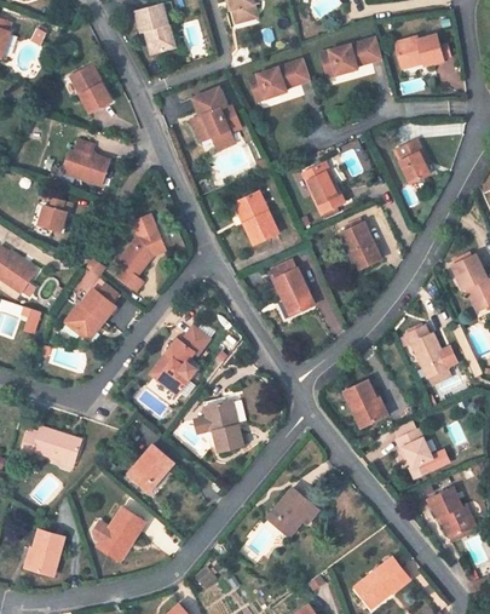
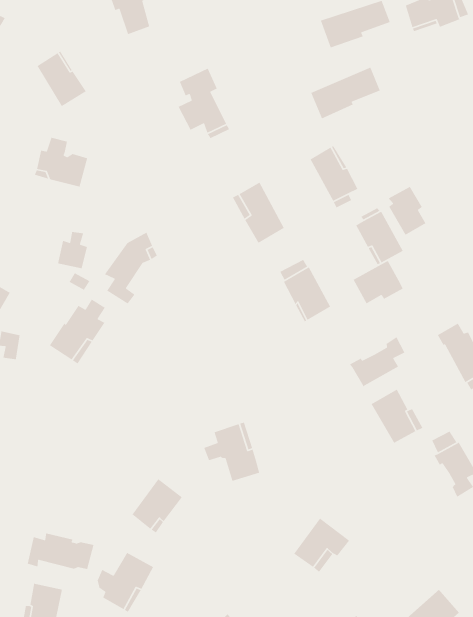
building: [248,58,310,102] -> [310,66,381,119]
building: [396,139,428,183] -> [388,186,427,236]
building: [38,197,65,231] -> [57,231,88,269]
building: none -> [352,260,404,305]
building: [149,326,209,395] -> none
building: none -> [349,336,405,387]
building: [21,426,81,461] -> [27,533,95,570]

